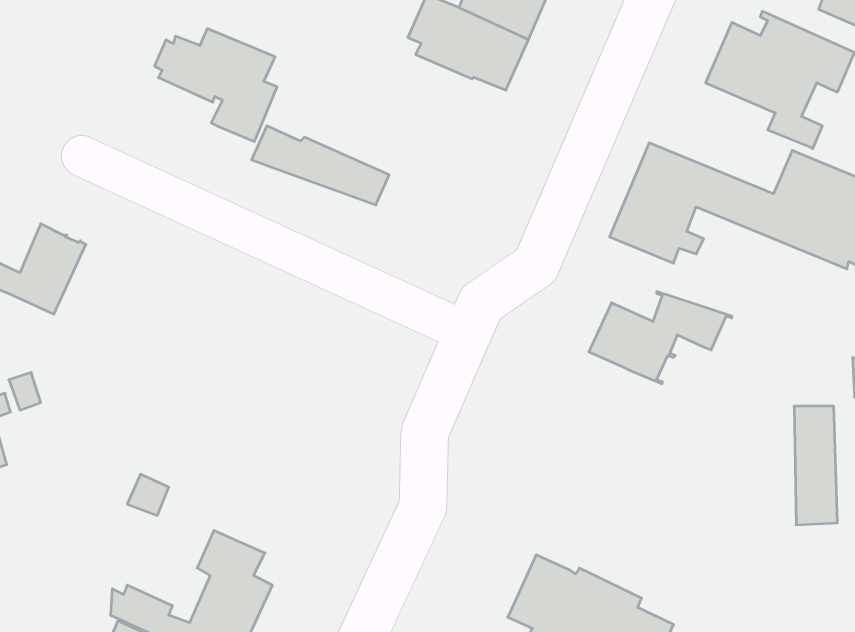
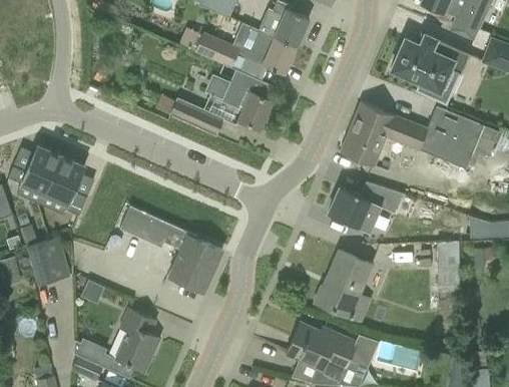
building: none -> [194,32,239,67]
building: [155,29,277,142] -> [207,69,273,129]
building: none -> [44,155,87,215]
building: none -> [120,208,222,291]
building: none -> [28,237,70,285]
building: none -> [316,250,372,321]

